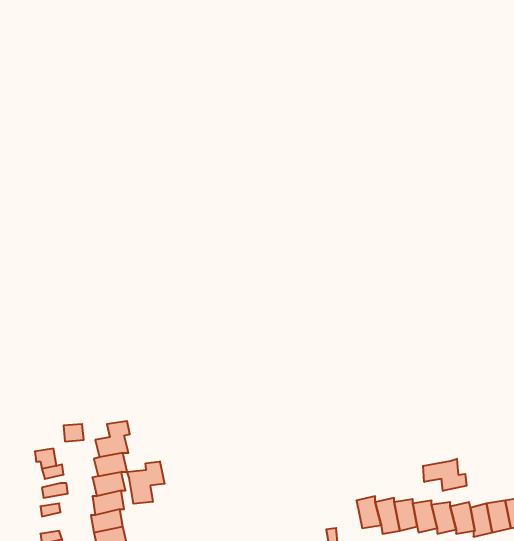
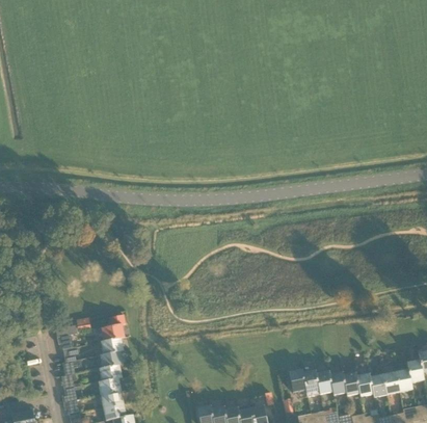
building: [423,459,467,491] -> none
building: [127,461,165,504] -> none

